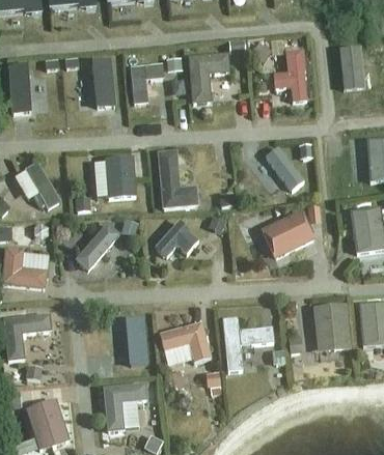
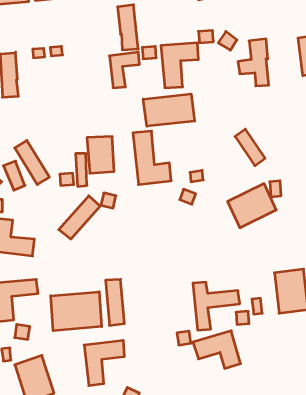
building: [92,57,115,107] -> [118,5,138,50]
building: none -> [143,94,195,126]
building: [154,220,199,257] -> none
building: [158,320,211,362] -> [193,331,241,368]
building: none -> [51,292,102,331]

